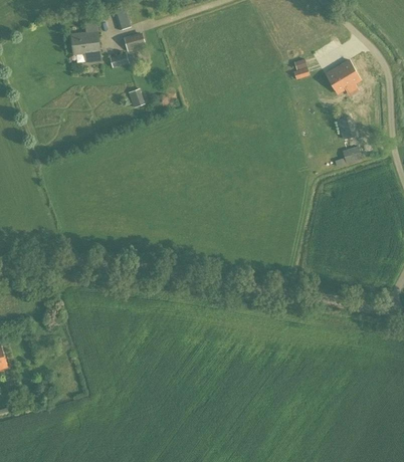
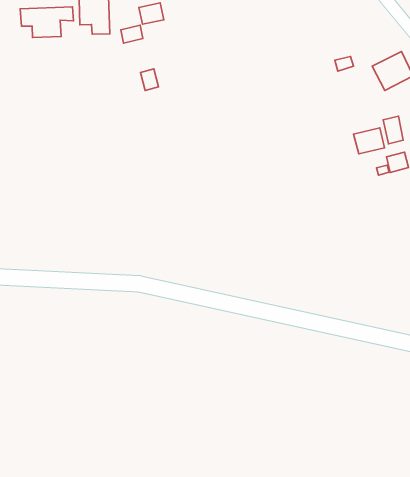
building: none -> [20,7,73,38]
building: none -> [353,128,384,154]

